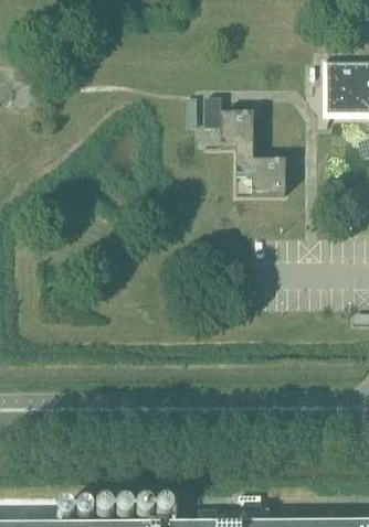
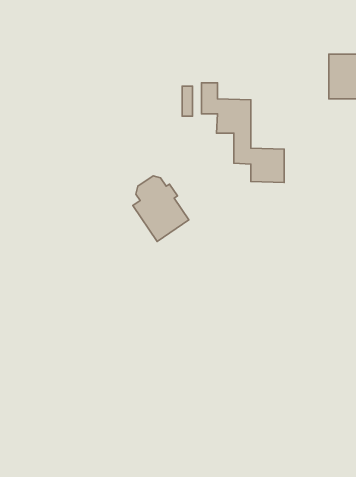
building: none -> [133,176,189,241]

